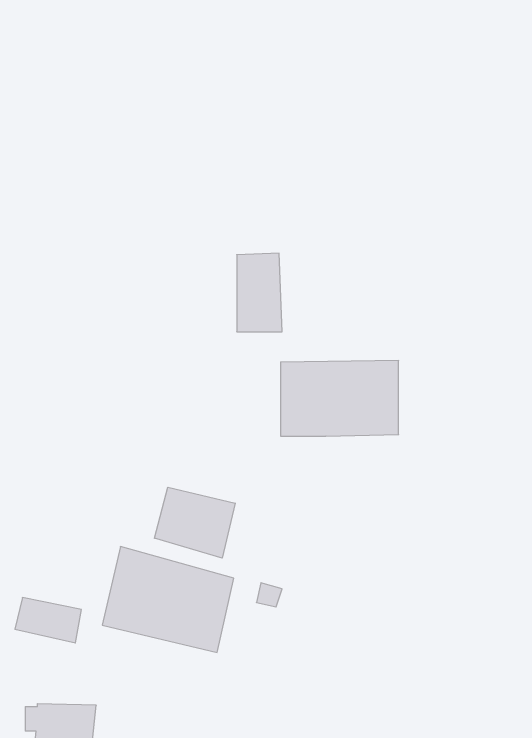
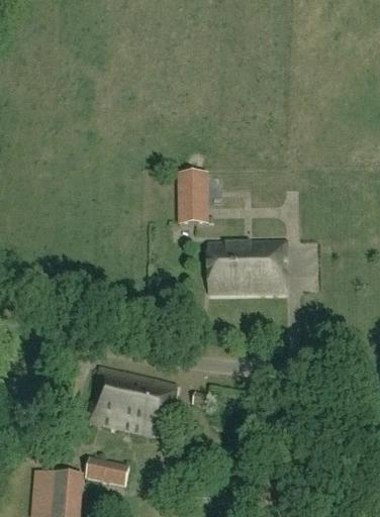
building: [154,487,235,558] -> none
building: [15,598,81,643] -> [83,456,127,487]

